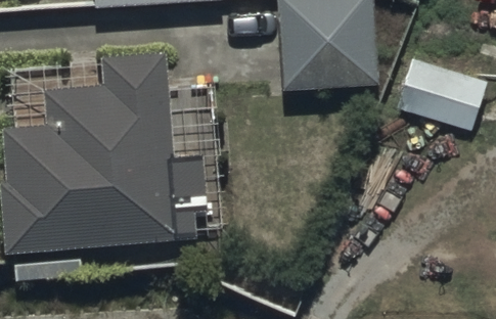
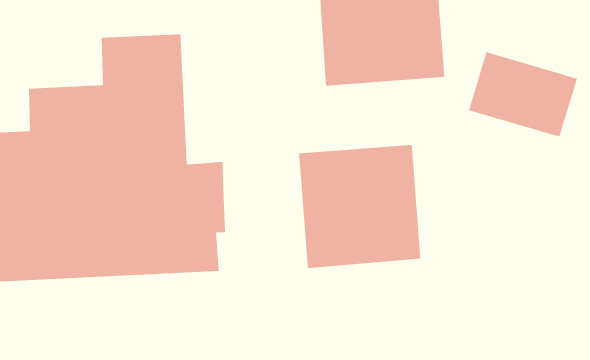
building: none -> [299,144,421,269]

